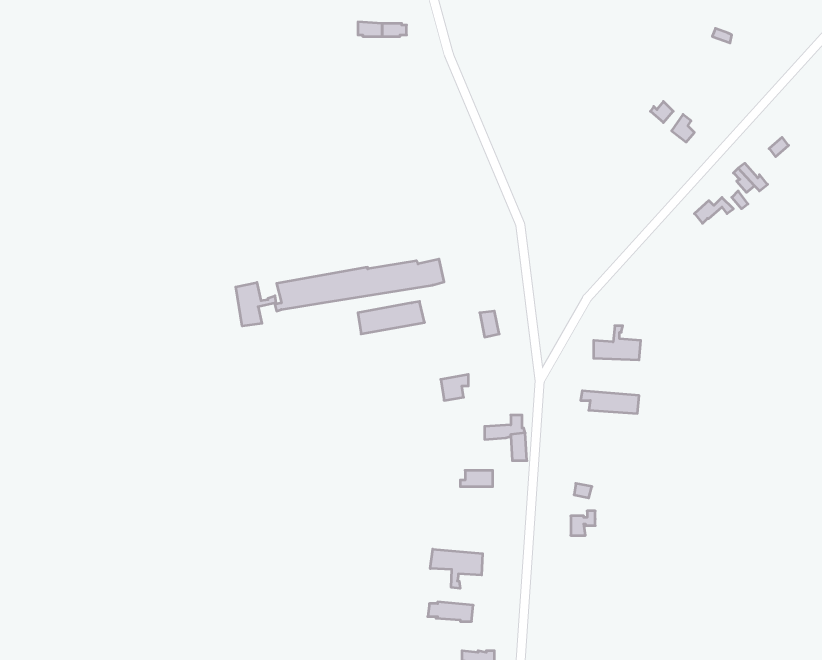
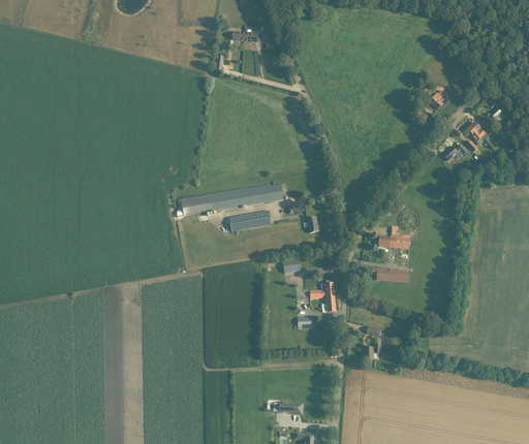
building: [236,282,276,326] -> none
building: [430,549,483,588] -> none

